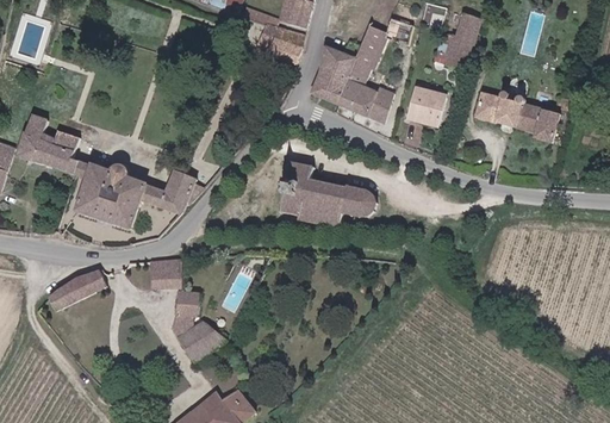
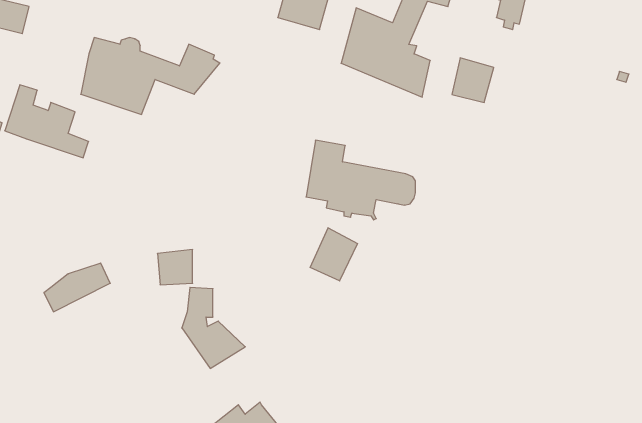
building: [474,94,560,141] -> none
building: [76,162,199,230] -> [81,38,220,114]
building: none -> [310,228,357,281]

